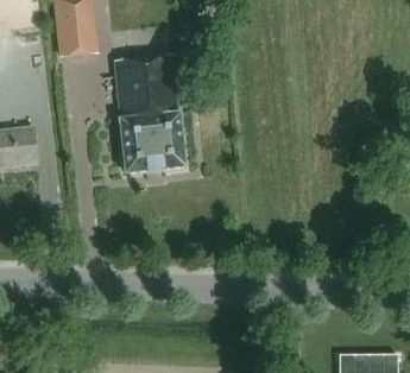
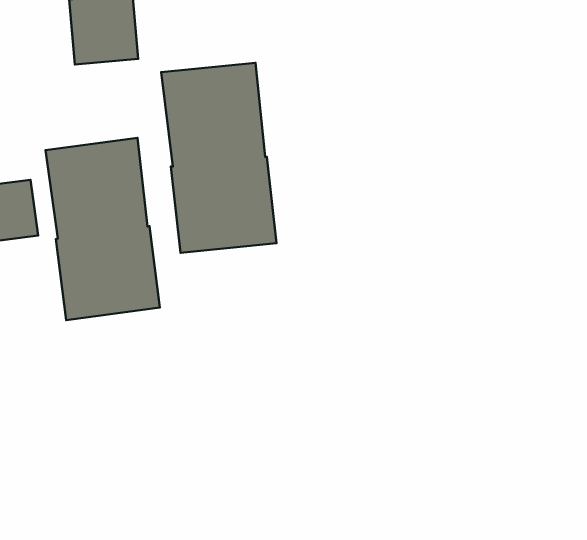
building: none -> [46,138,160,320]

